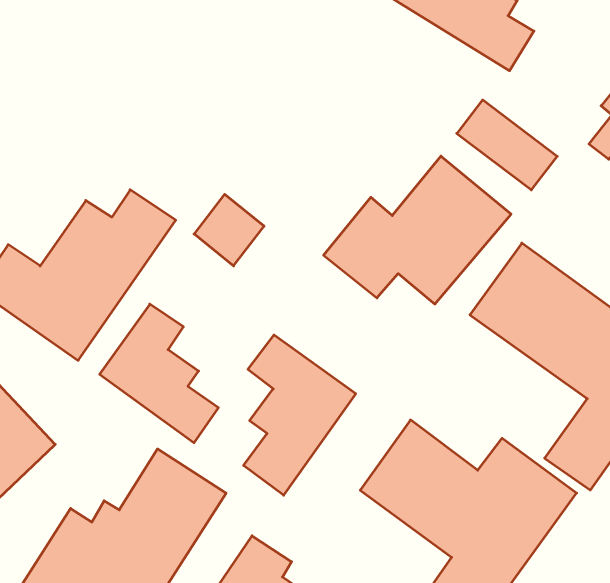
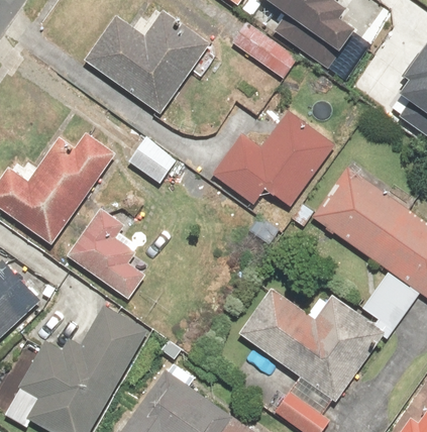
building: none -> [85,12,211,114]
building: [457,100,557,190] -> [231,20,298,80]
building: [244,335,356,495] -> none

